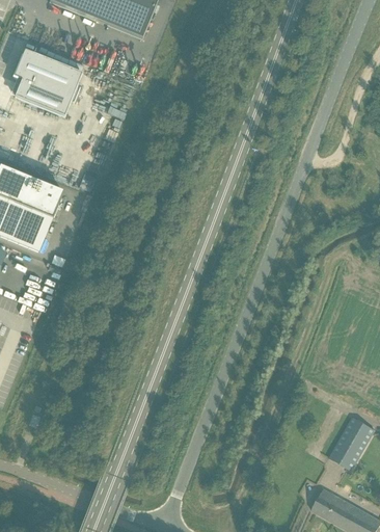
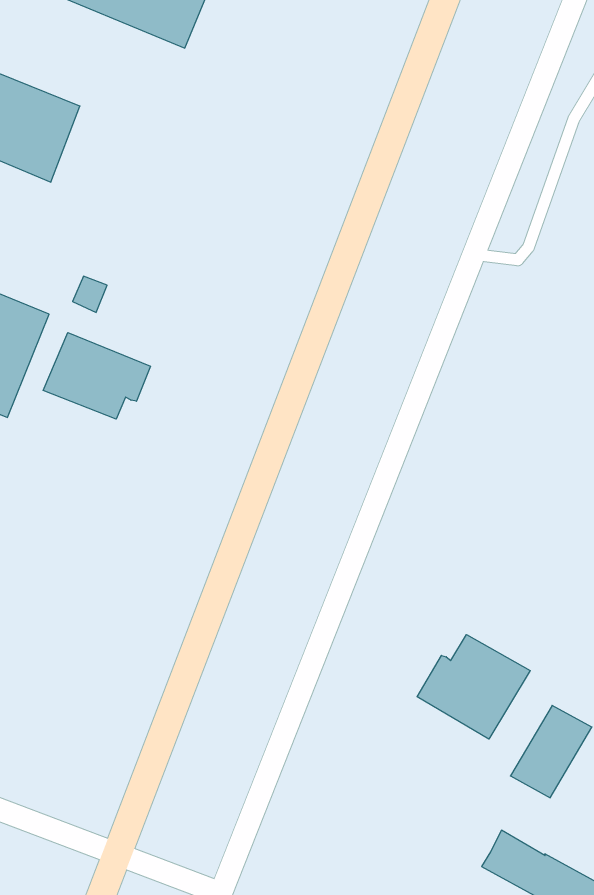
building: none -> [43,333,151,419]
building: none -> [417,635,530,739]

